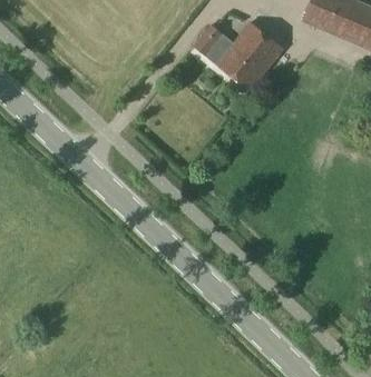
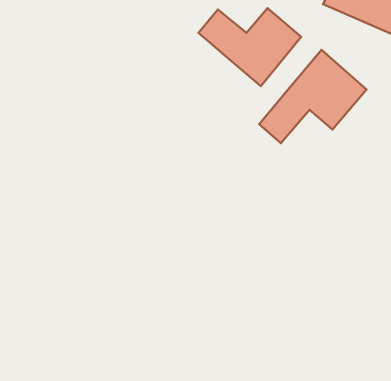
building: none -> [259,50,367,143]

